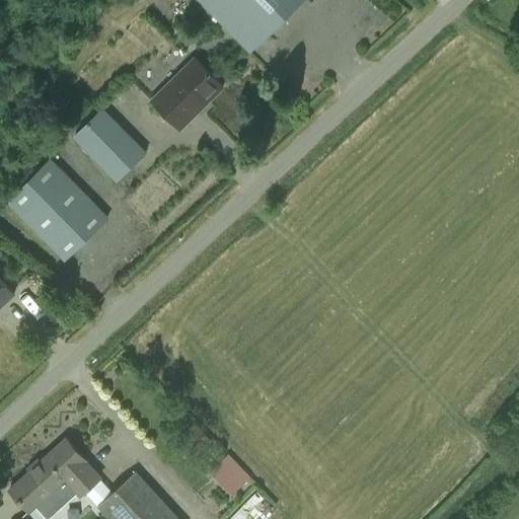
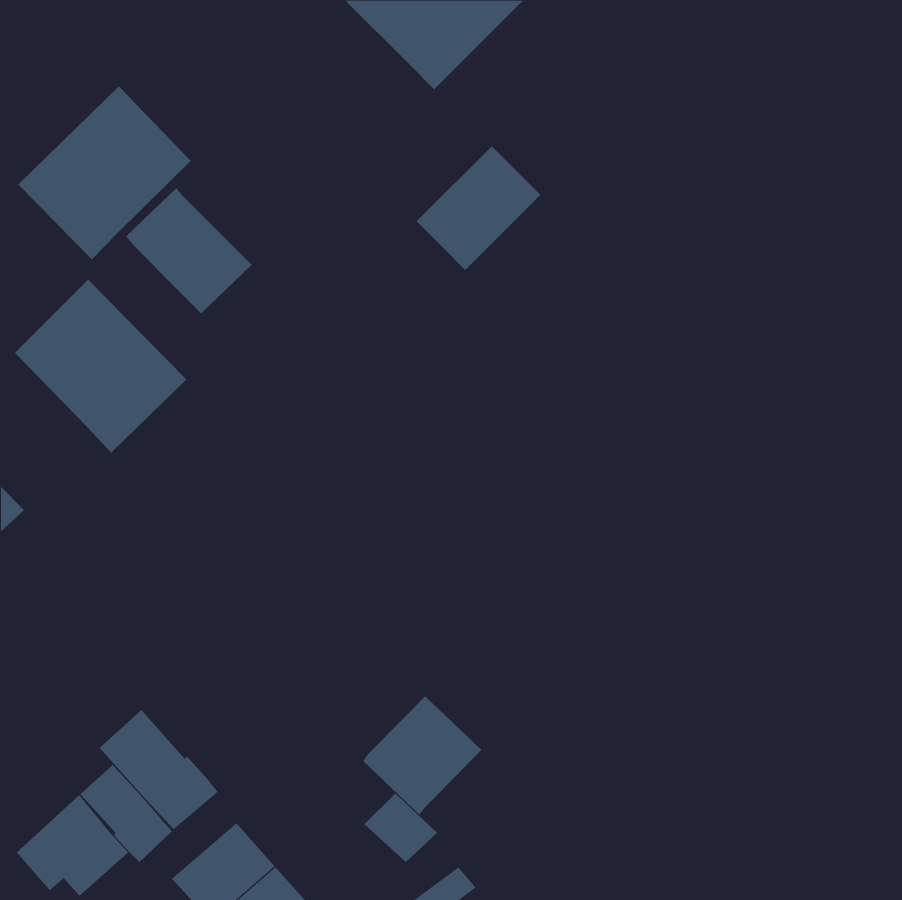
building: none -> [18,86,191,260]
building: [151,59,223,131] -> [416,145,541,271]
building: none -> [362,696,482,815]
building: none -> [99,709,218,830]

